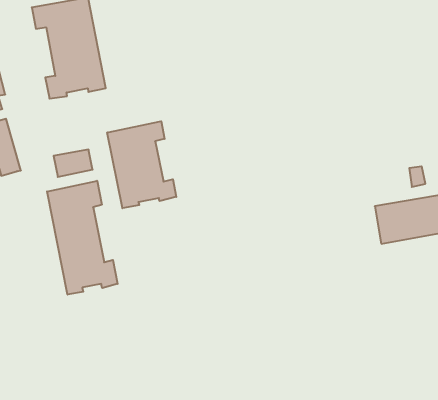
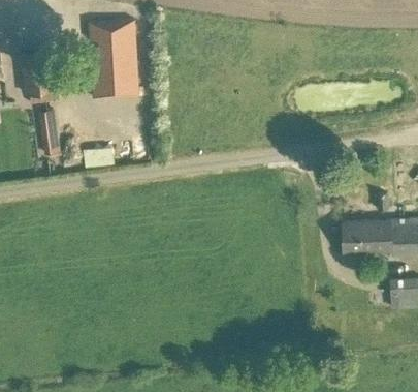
building: [107,121,176,208] -> none
building: [47,181,118,295] -> none

